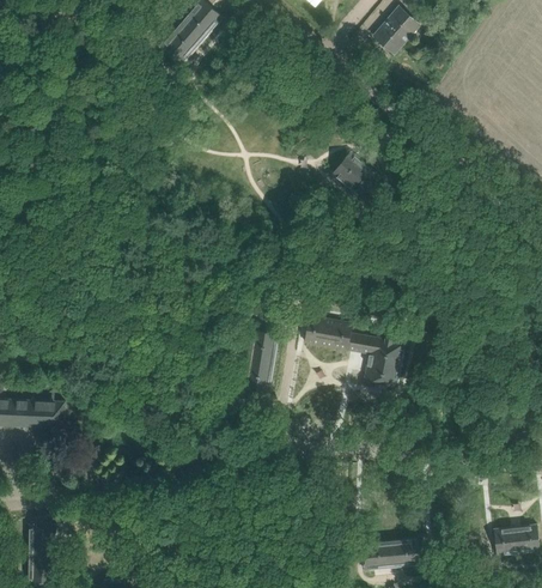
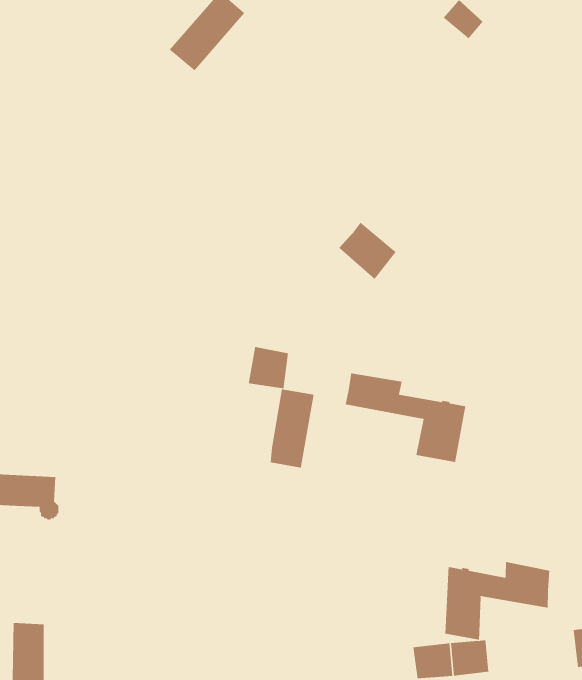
building: [372,22,407,55] -> none
building: [331,152,379,200] -> [339,222,396,280]
building: none -> [248,346,289,389]
building: none -> [445,561,550,641]

